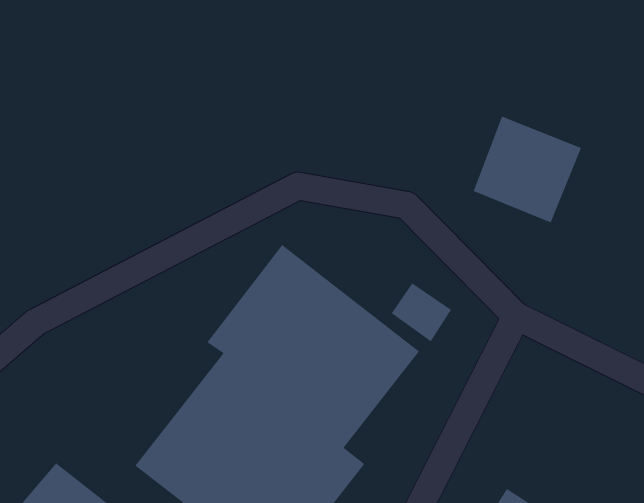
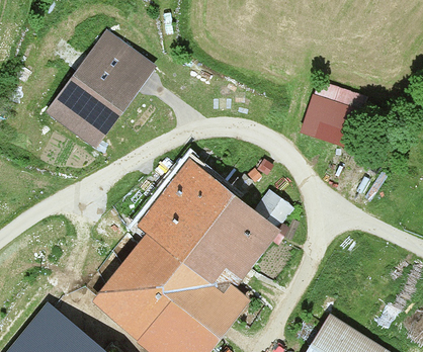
building: none -> [52,36,150,144]

